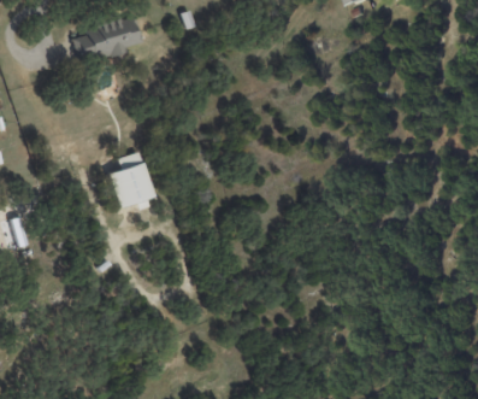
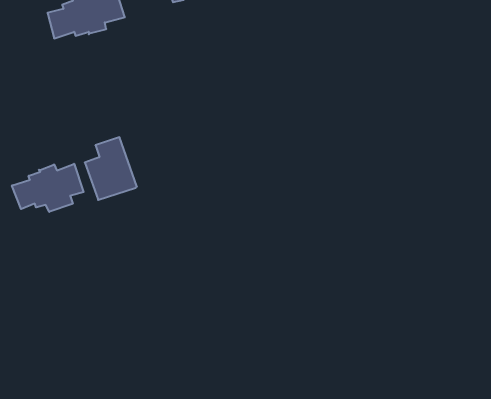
building: none -> [12,164,84,212]

